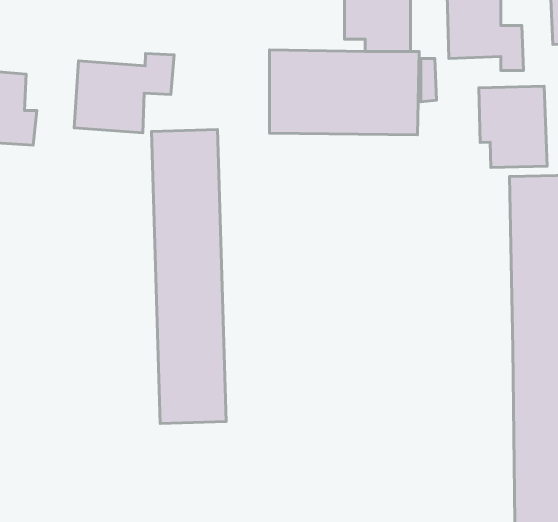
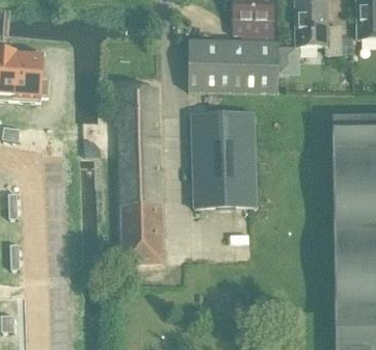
building: [74,54,174,133] -> none
building: [479,86,547,168] -> none
building: none -> [190,112,256,207]

